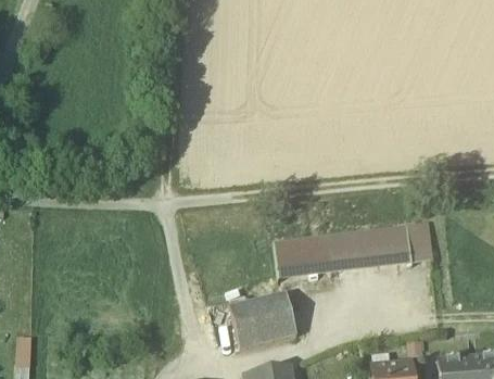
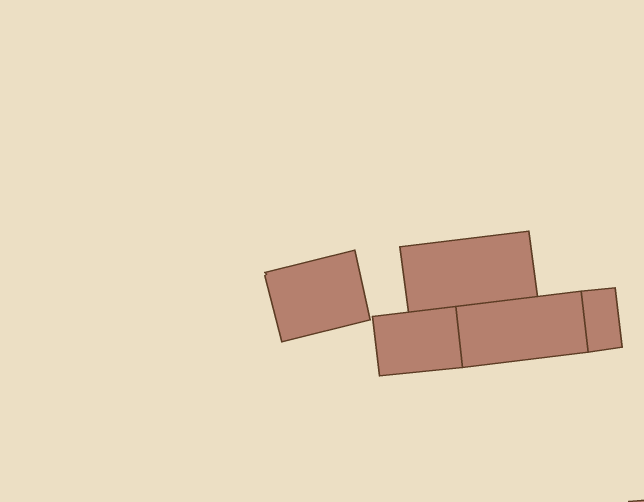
building: none -> [400,231,538,312]
building: [229,289,296,348] -> [265,250,370,342]

